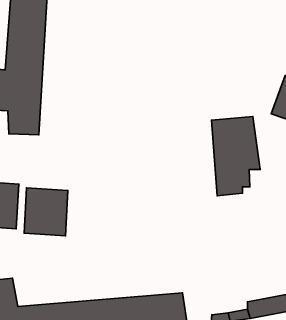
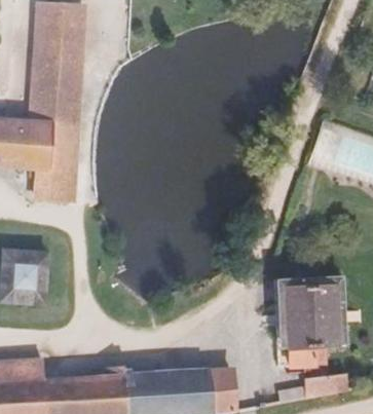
building: [212,116,260,196] -> [286,280,340,370]
building: [24,188,68,236] -> none

